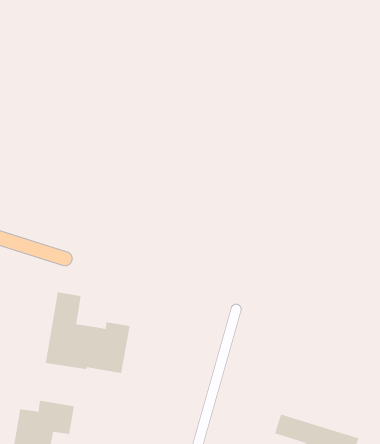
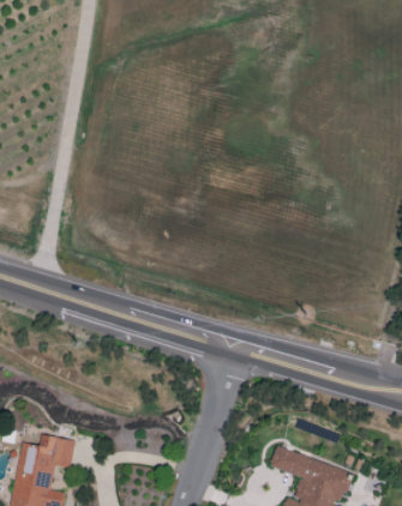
building: [45,291,130,374] -> none

